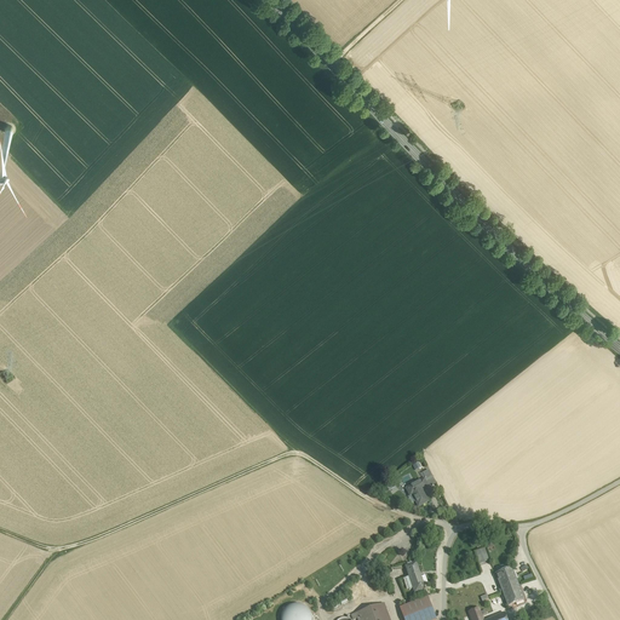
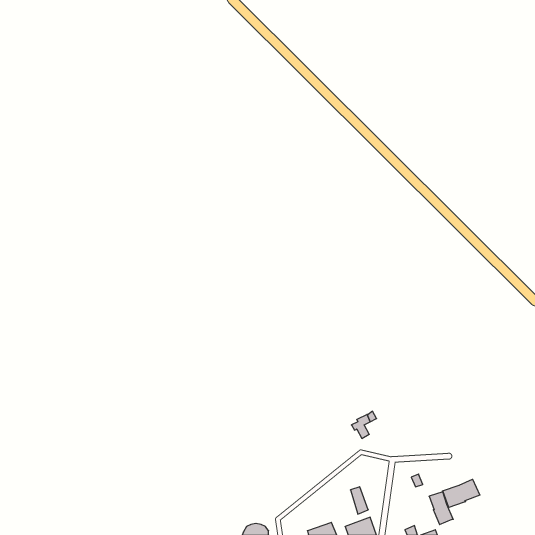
building: none -> [442,479,480,507]

